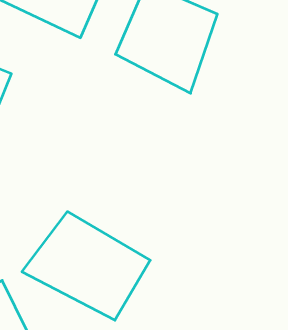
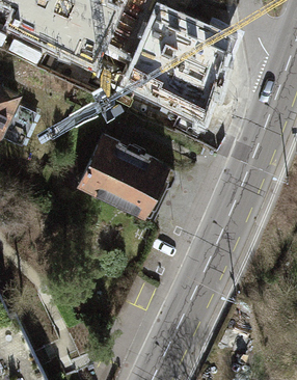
building: none -> [77,135,174,221]
building: [22,212,150,320] -> none

